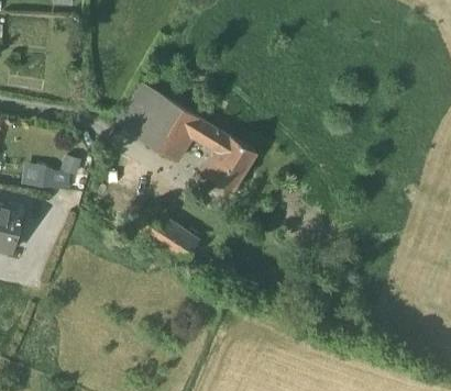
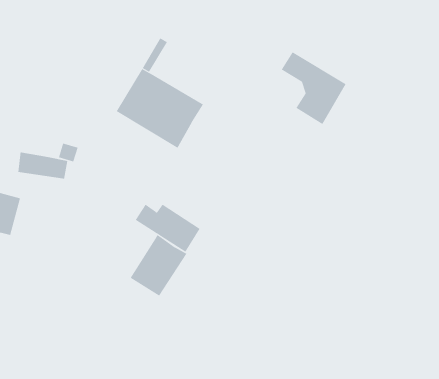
building: [190,119,254,190] -> [281,51,346,125]
building: none -> [130,234,187,297]

